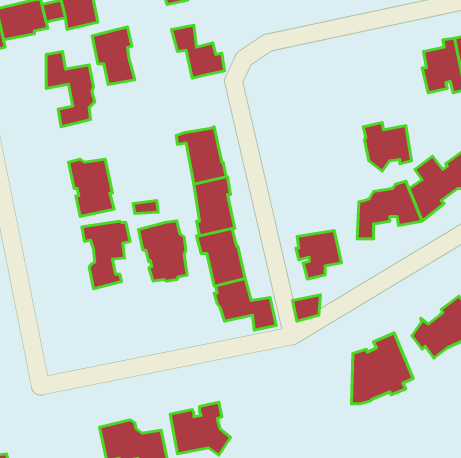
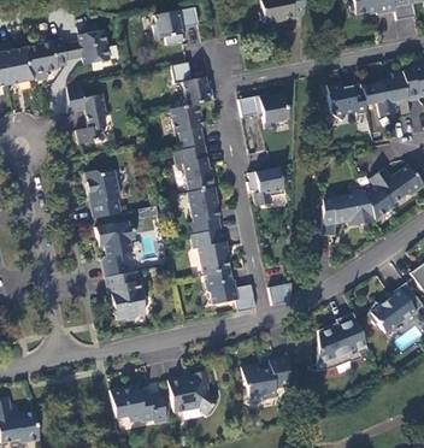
building: [92,27,135,84] -> [167,102,202,149]
building: none -> [238,93,288,128]
building: [363,123,412,171] -> [325,82,365,122]
building: [139,221,187,281] -> [106,270,146,319]
building: [296,231,341,279] -> [247,166,284,206]
building: none -> [242,353,289,397]

